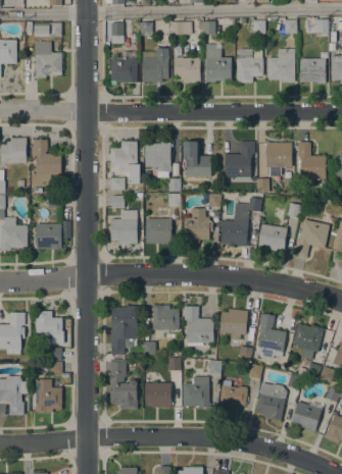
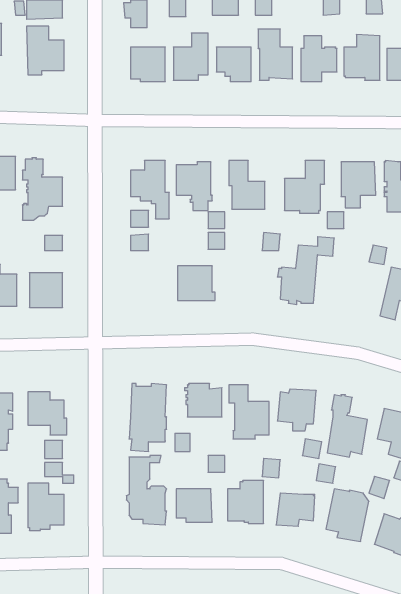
building: [184,208,212,243] -> none
building: [111,210,138,243] -> none
building: [258,223,287,251] -> none

